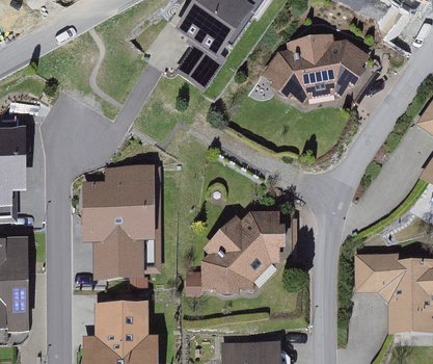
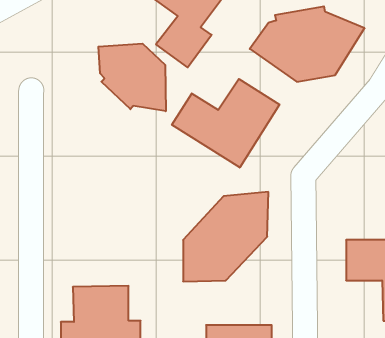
building: none -> [98,44,166,111]
building: none -> [172,79,279,168]
building: [83,165,162,288] -> none

